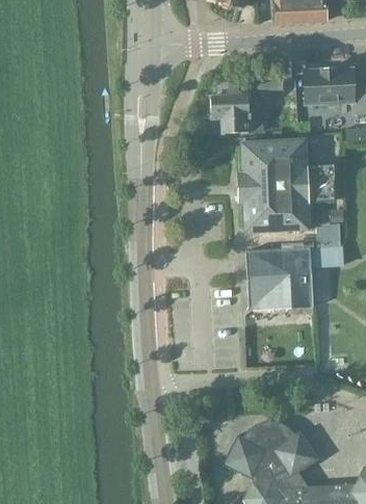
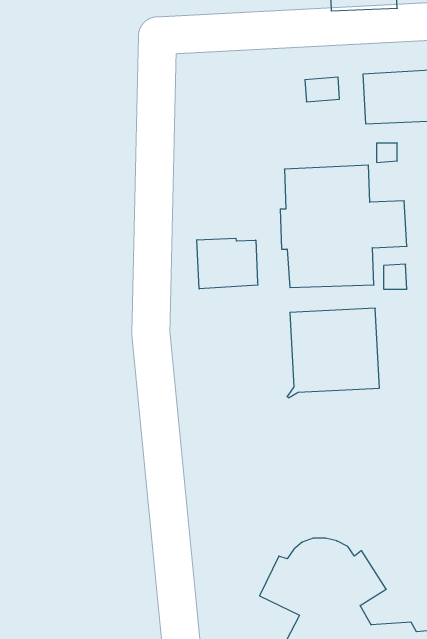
building: [210,87,262,133] -> none
building: none -> [197,238,258,289]
building: [312,244,342,266] -> none

